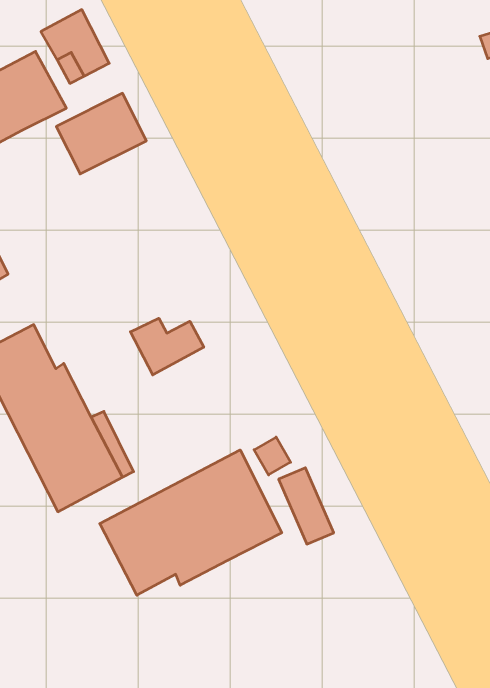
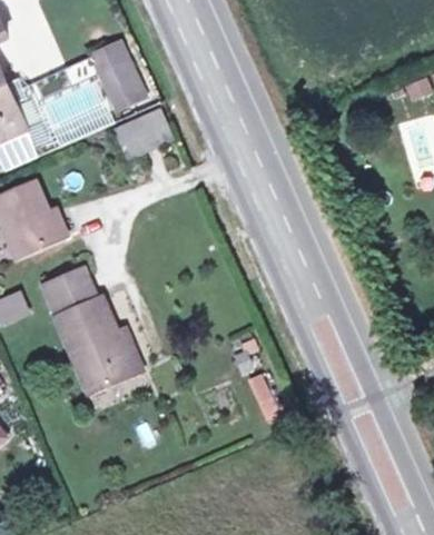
building: [130,318,204,375] -> none
building: [100,450,282,595] -> none

